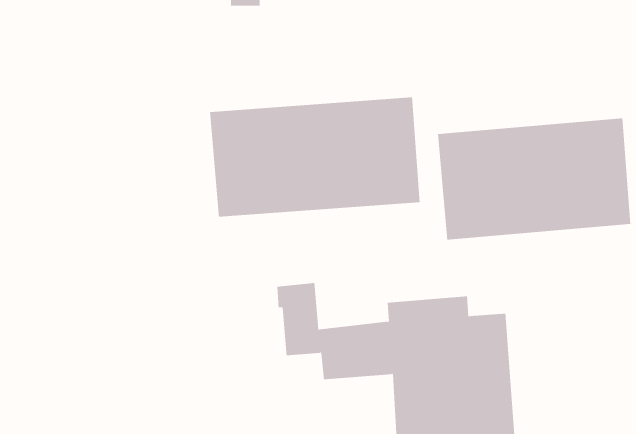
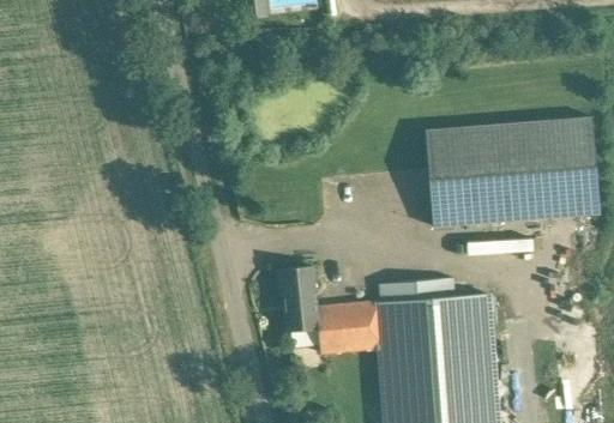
building: [209,96,420,218] -> none

